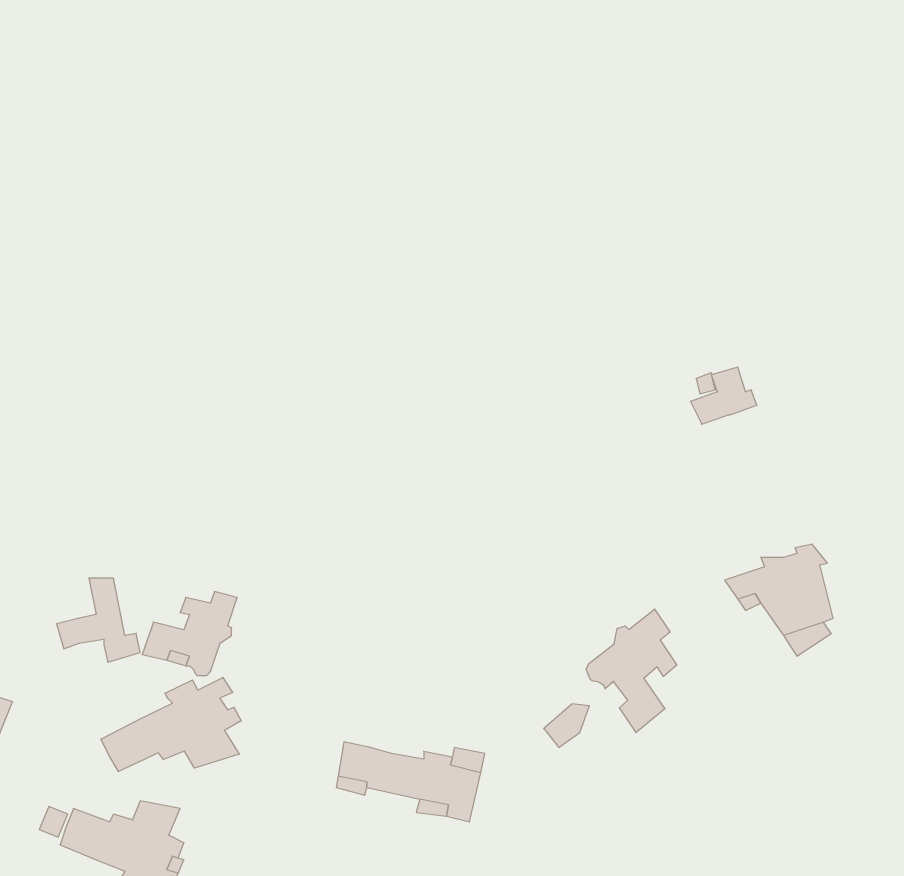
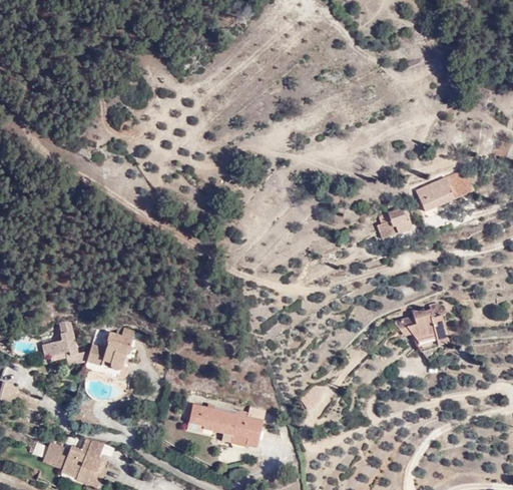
building: none -> [414,168,472,212]
building: [586,609,677,733] -> none
building: [101,677,241,772] -> none

